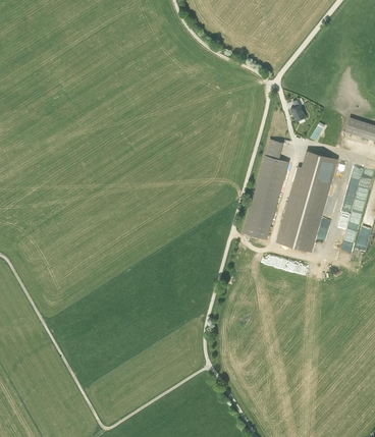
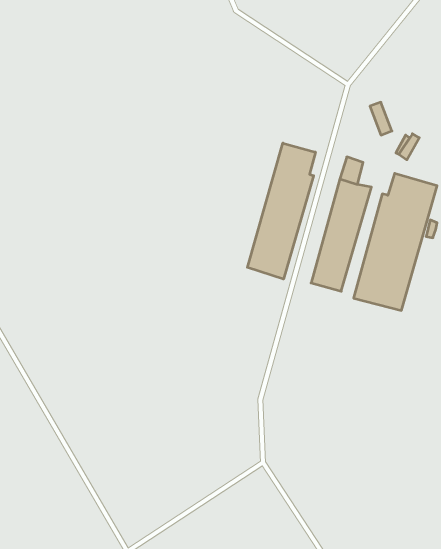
building: none -> [247,143,315,279]

